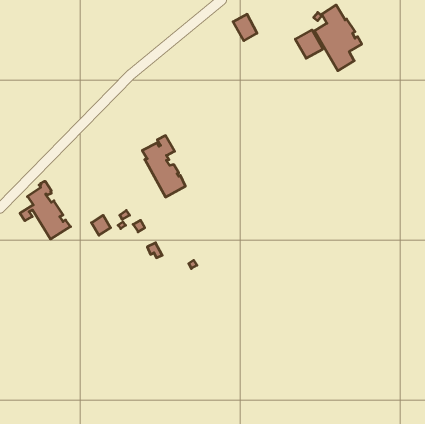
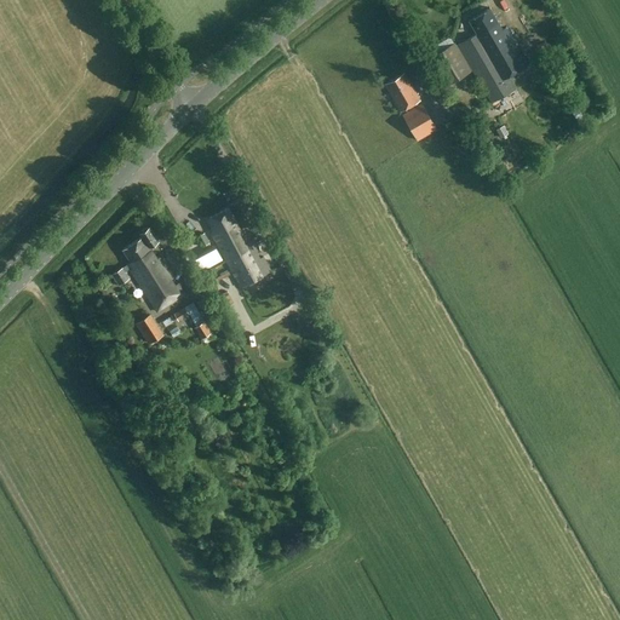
building: [233,14,257,41] -> [384,74,419,113]
building: none -> [403,107,436,142]
building: [20,182,71,239] -> [111,229,185,312]

